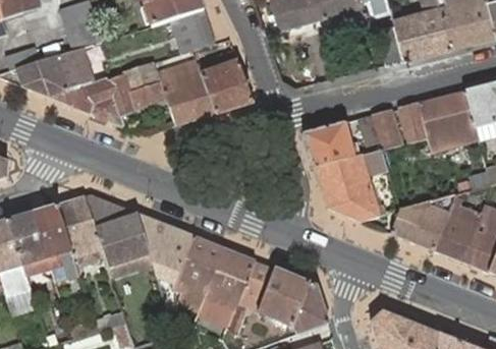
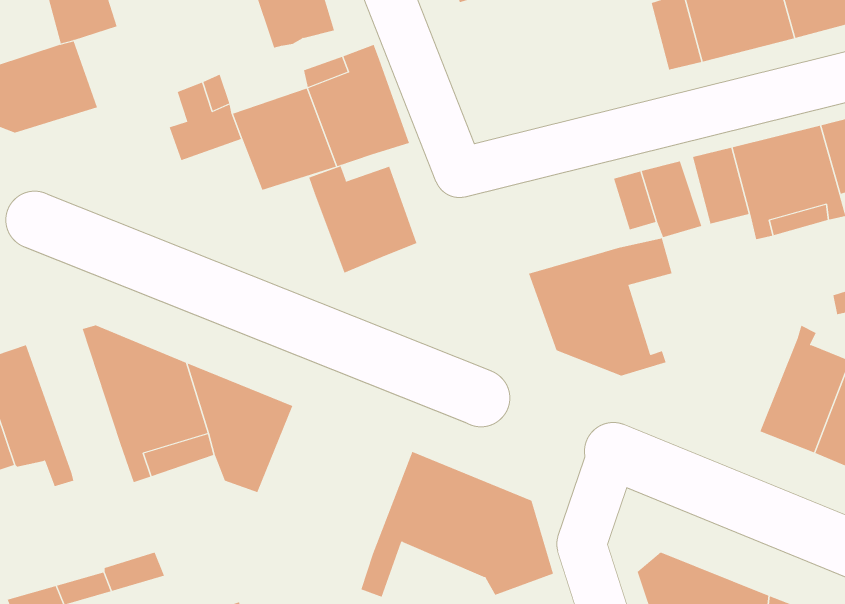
building: [50,77,135,125] -> none
building: none -> [308,165,417,273]
building: [302,122,353,168] -> none
building: [56,196,104,271] -> none
building: [391,199,453,249] -> none
building: [174,236,255,318] -> none

